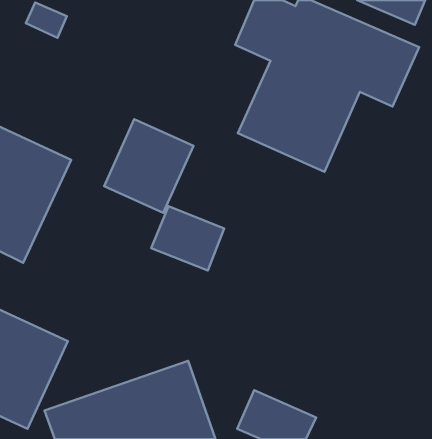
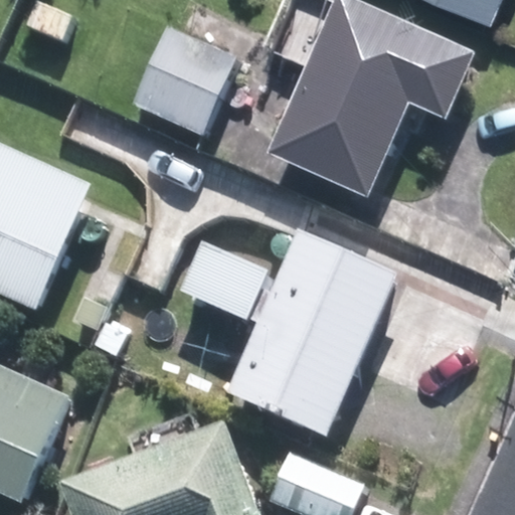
building: [104,119,193,213] -> [140,29,244,139]
building: none -> [221,229,394,436]

